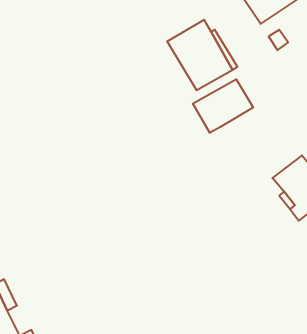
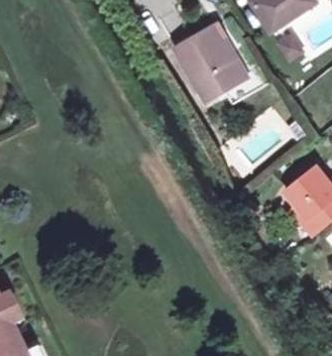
building: [193,79,253,133] -> none

